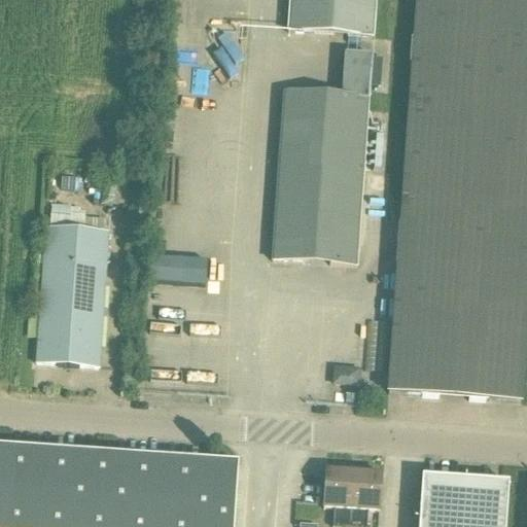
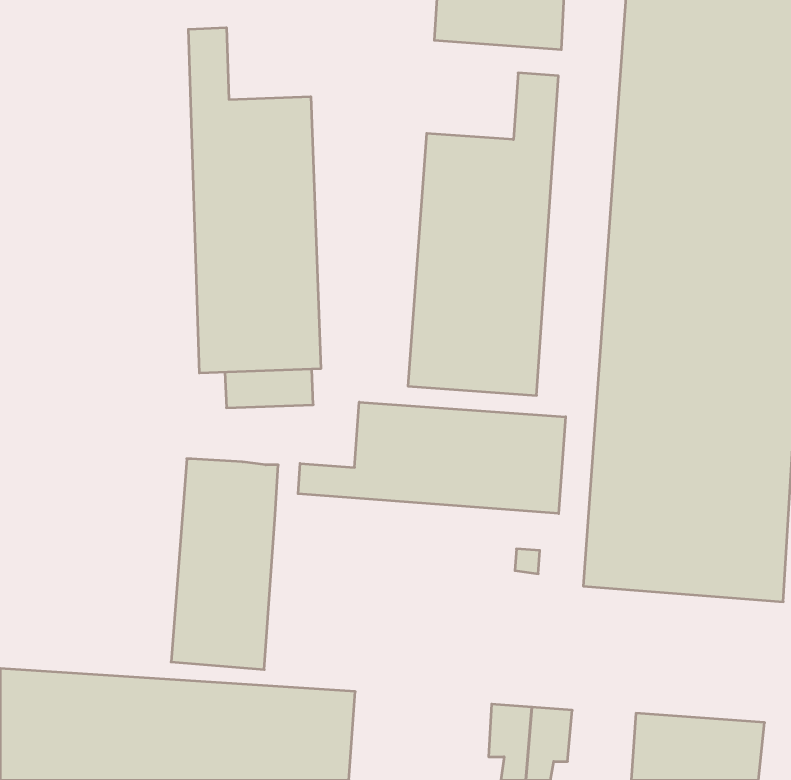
building: none -> [188,28,321,373]
building: [37,223,108,363] -> [171,459,278,670]
building: none -> [298,402,566,514]

